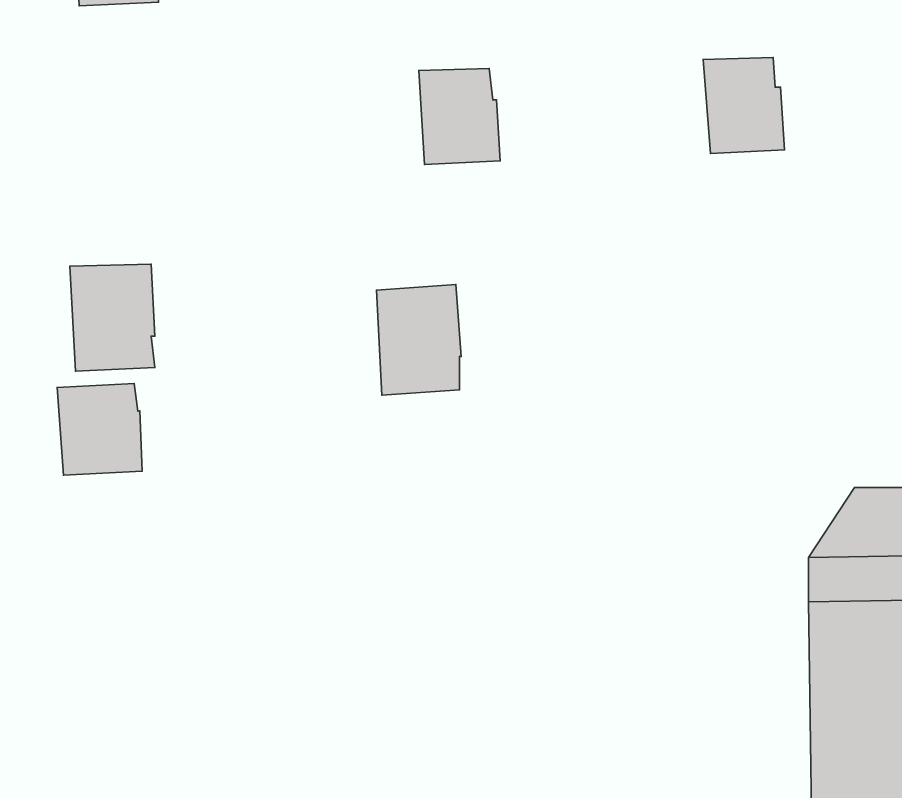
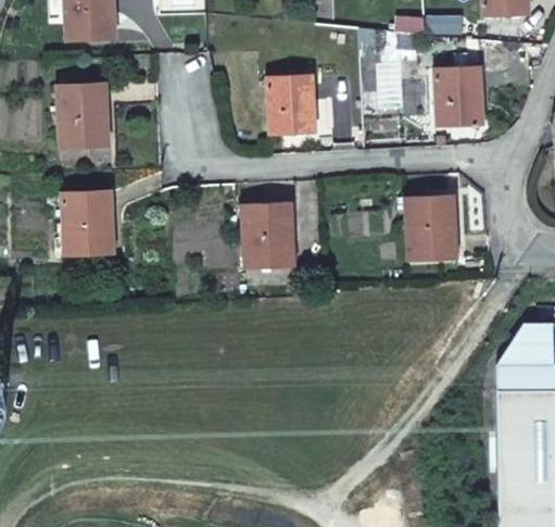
building: none -> [59,83,109,147]
building: none -> [406,196,457,260]
building: [57,383,142,475] -> none

